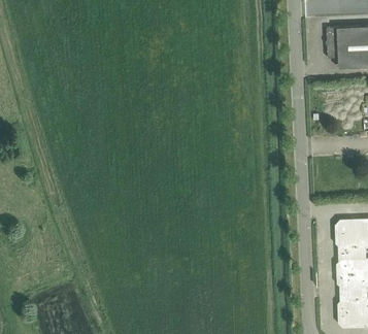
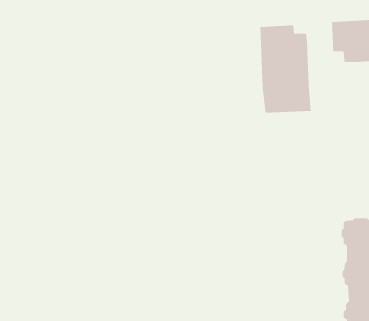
building: none -> [259,24,311,114]

